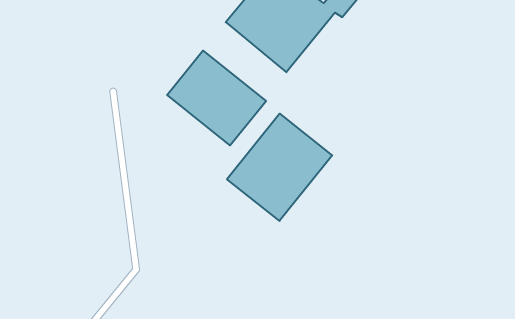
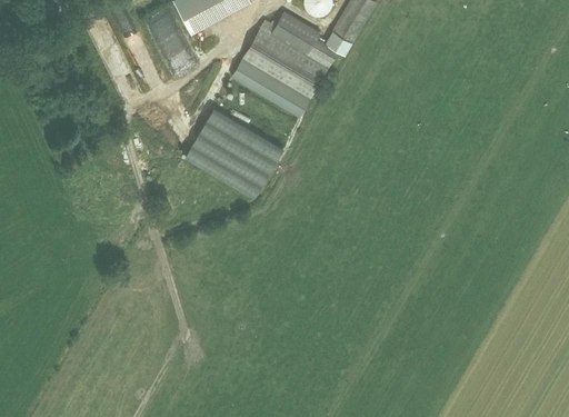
building: [227,114,332,221] -> none

